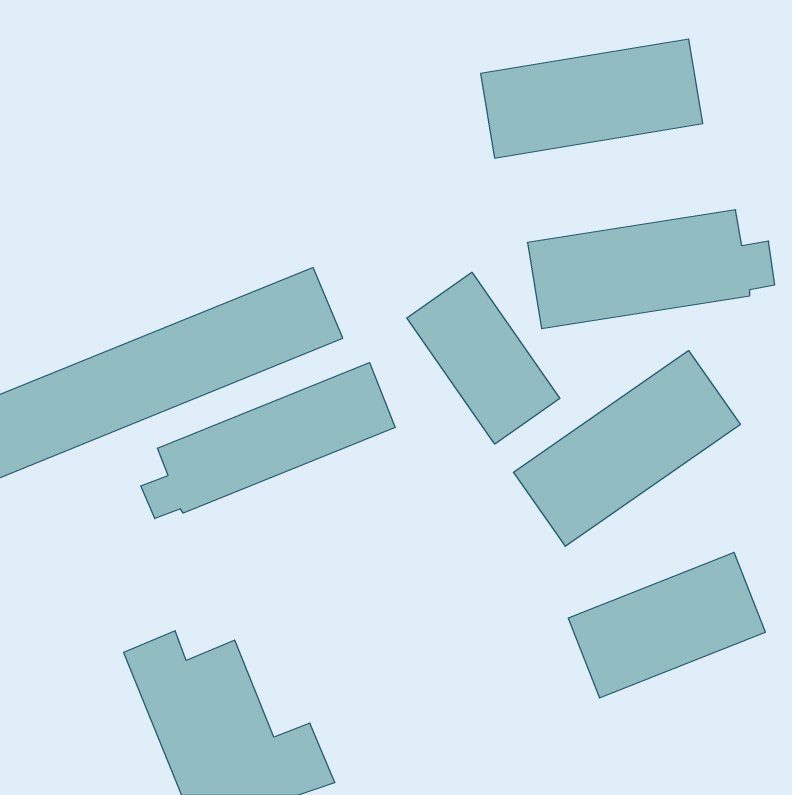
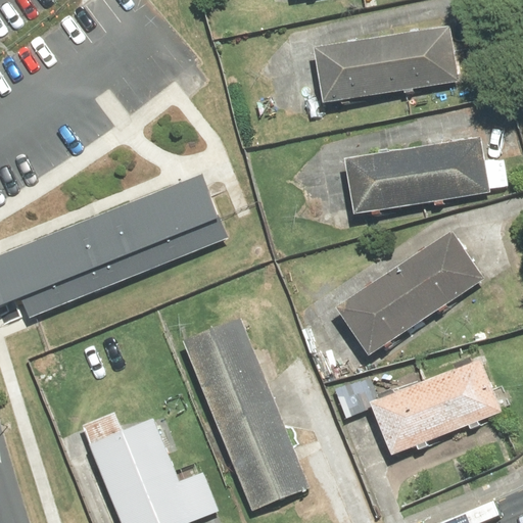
building: [407,272,560,444] -> none
building: [141,363,395,519] -> none
building: none -> [181,316,310,512]

